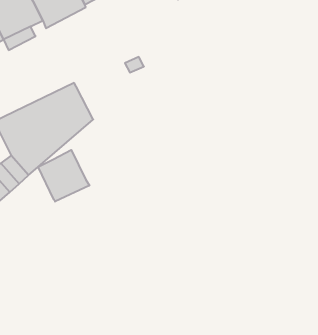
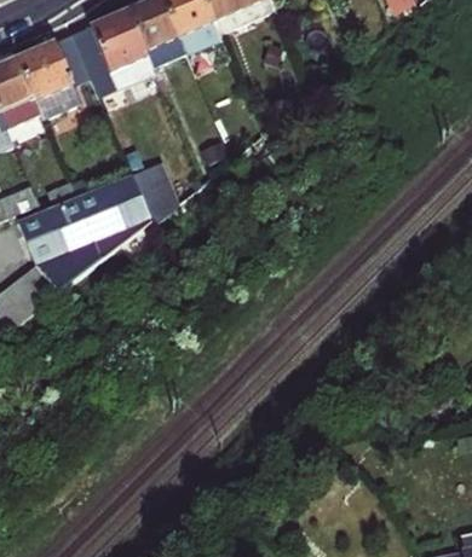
building: none -> [131,164,178,224]
building: [38,150,89,202] -> none

